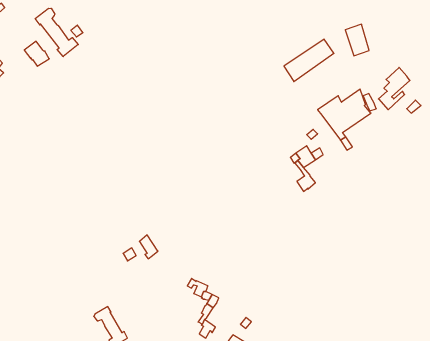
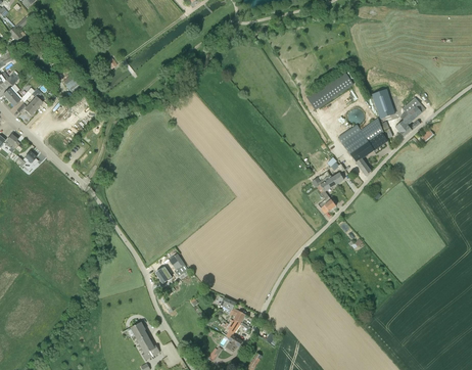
building: [35,8,78,57] -> none
building: [345,24,369,56] -> [373,90,395,120]

